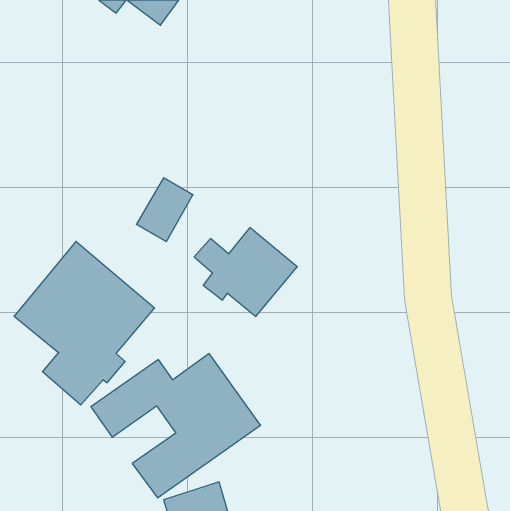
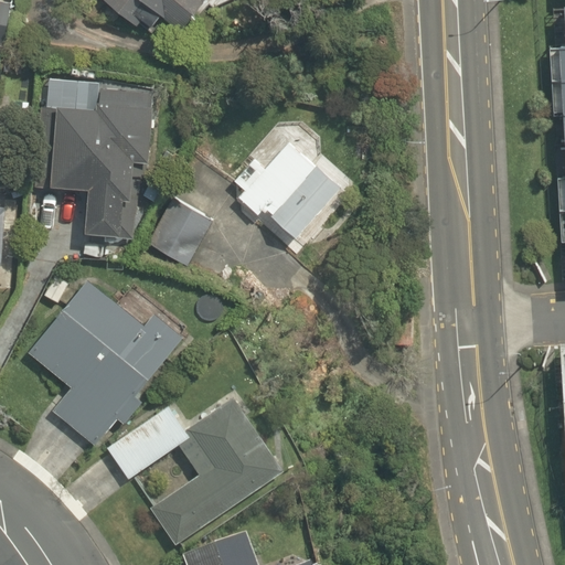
building: none -> [35,74,156,236]
building: [194,228,297,316] -> [227,141,340,238]

